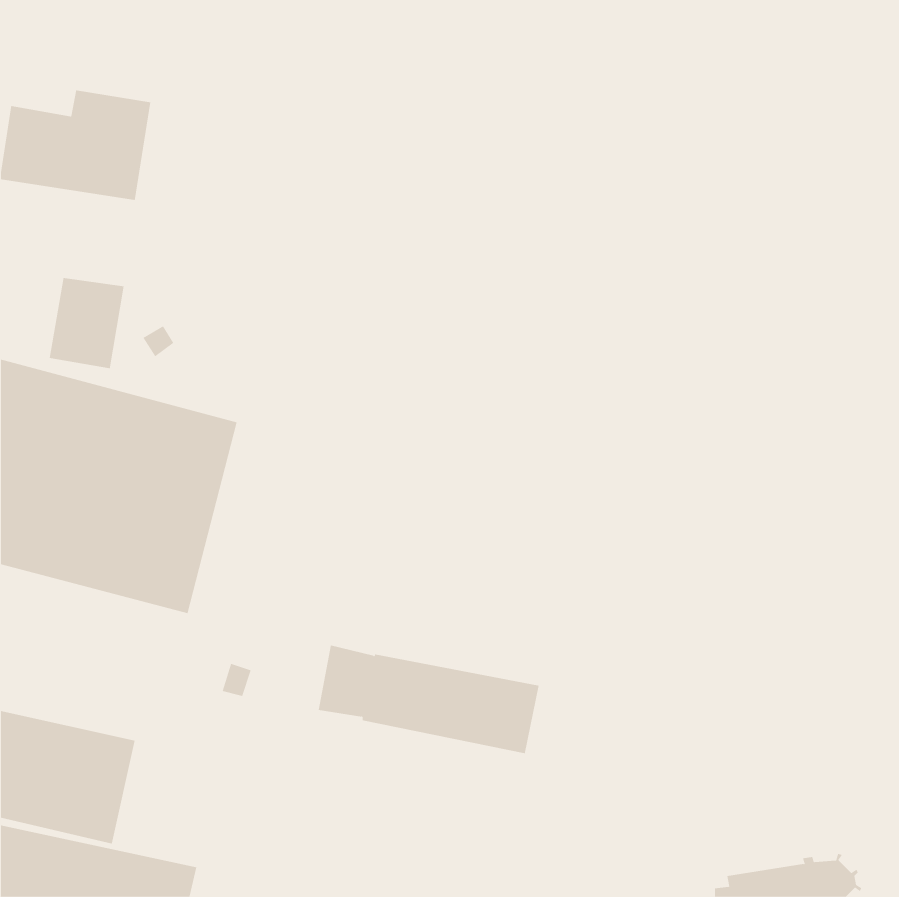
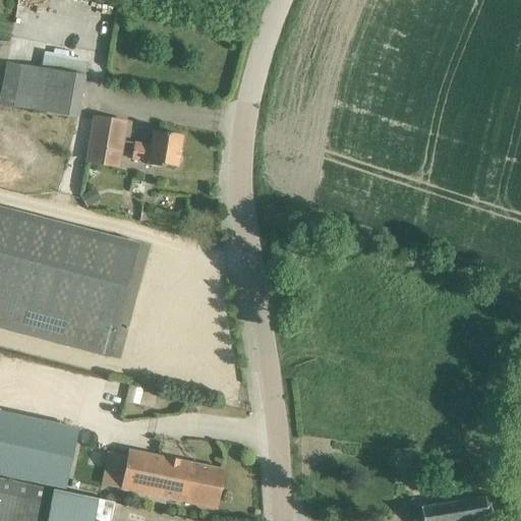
building: none -> [133,131,183,167]
building: [49,277,125,369] -> [84,115,128,168]
building: [318,645,539,754] -> [96,446,224,509]

